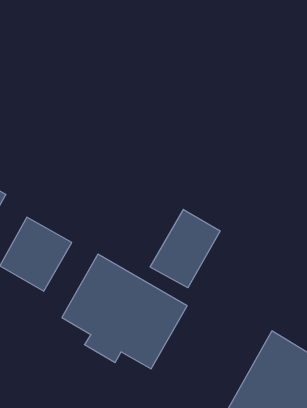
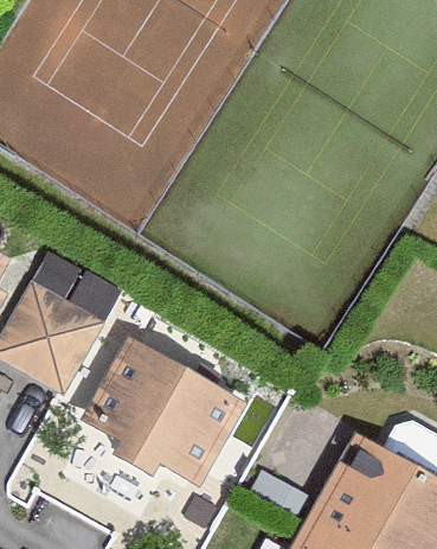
building: [150,209,220,288] -> none

